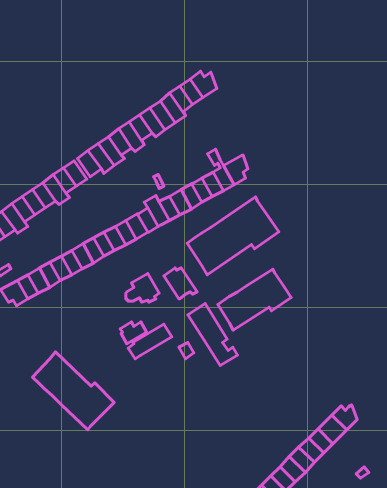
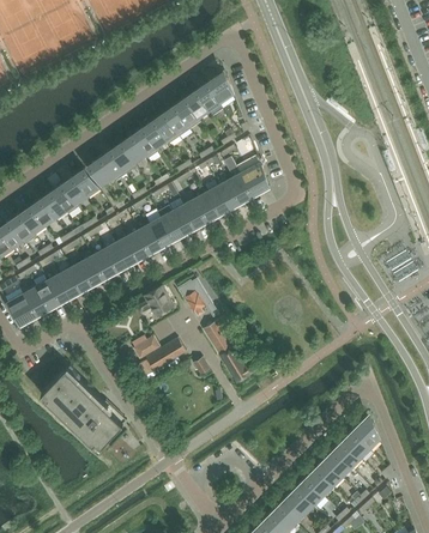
building: [187,197,279,275] -> none
building: [218,269,291,330] -> none

